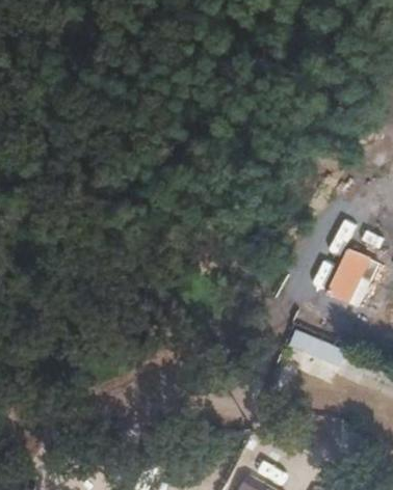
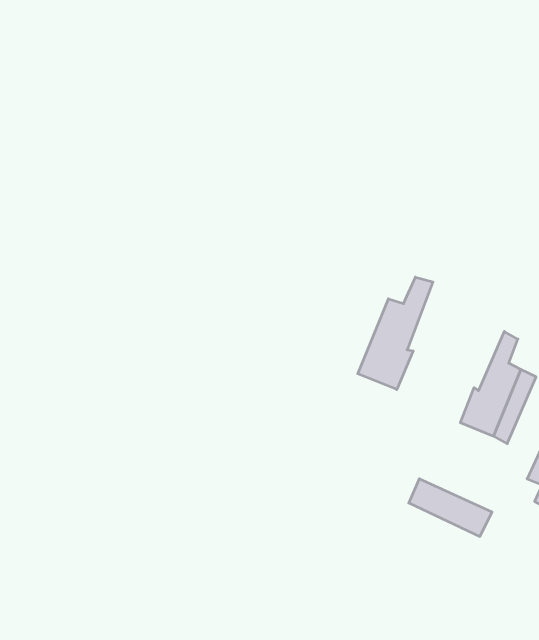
building: none -> [358,277,433,390]

